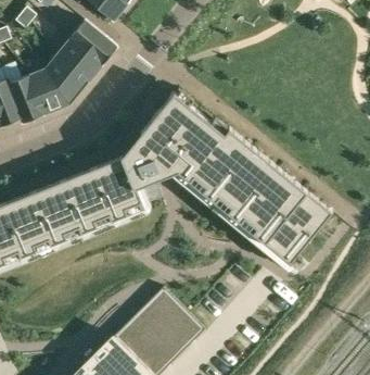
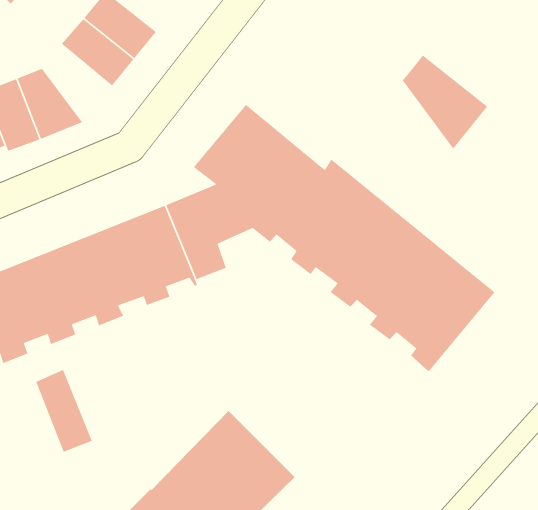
building: [43,54,88,104] -> none
building: none -> [402,54,488,150]
building: none -> [35,369,93,453]

